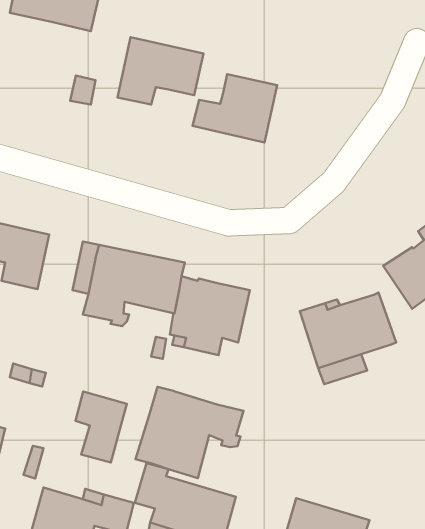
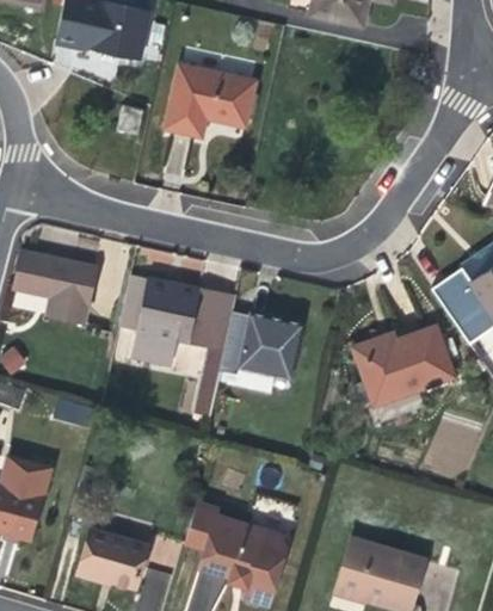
building: [193,74,277,142] -> none
building: [136,387,244,478] -> none
building: [75,391,127,463] -> none

